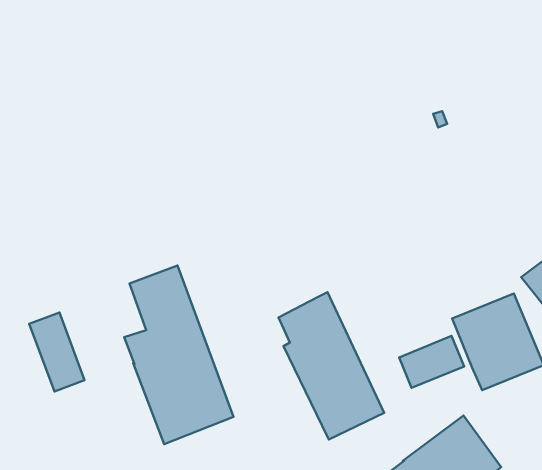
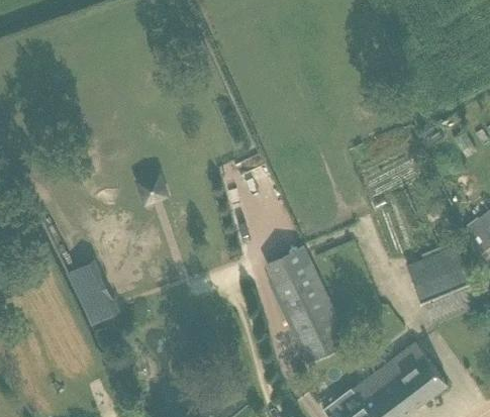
building: [124,265,234,444] -> none
building: [399,336,464,388] -> none

